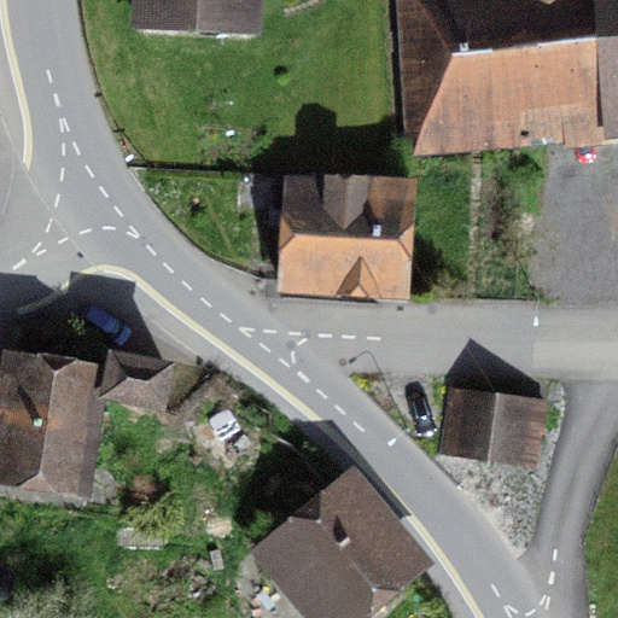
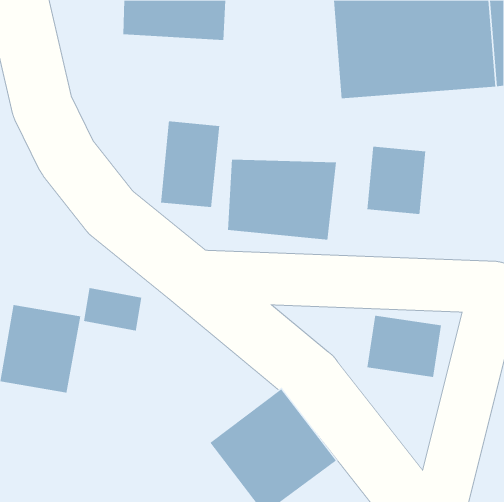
building: none -> [160,121,220,208]
building: none -> [367,146,426,215]

